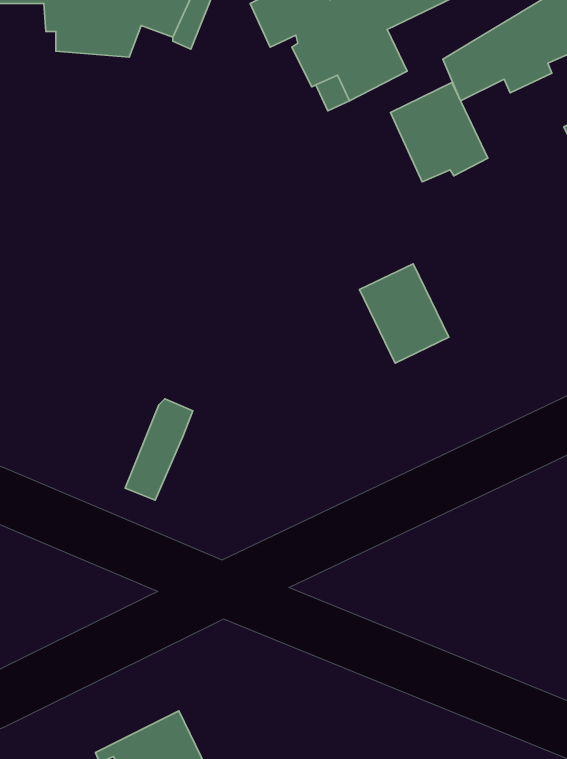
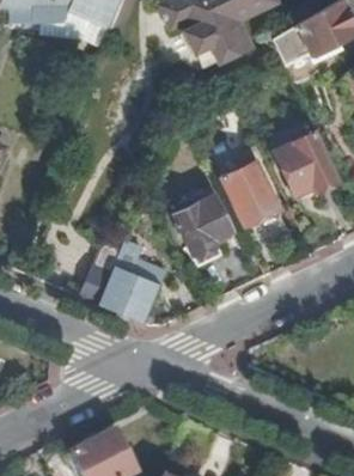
building: [390,83,488,182] -> [277,133,336,193]
building: none -> [175,196,233,266]
building: none -> [100,267,171,323]

